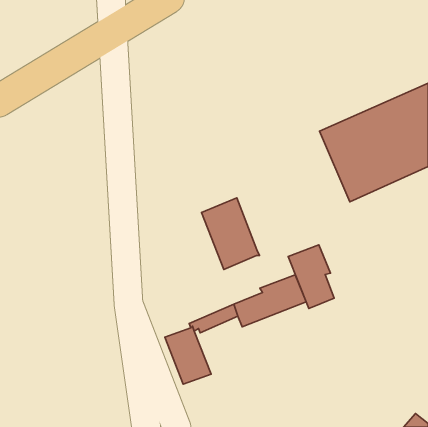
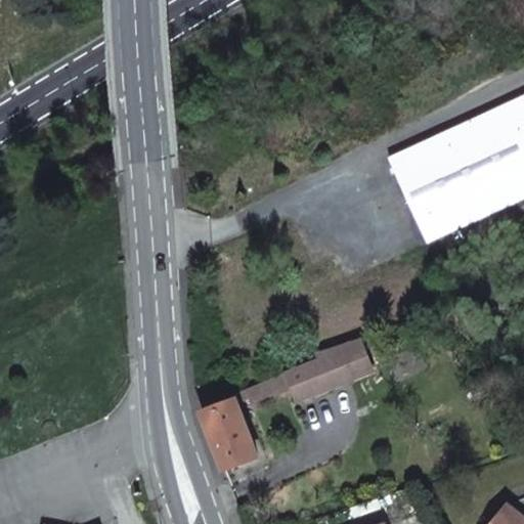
building: [202,198,260,269] -> none
building: [288,245,334,309] -> none

